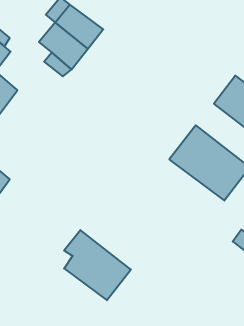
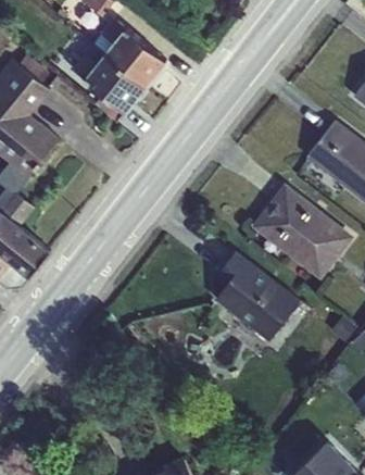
building: [64,230,131,300] -> [214,251,299,340]

